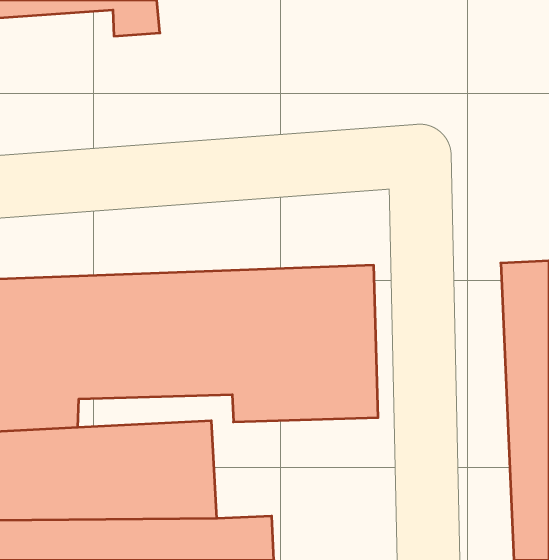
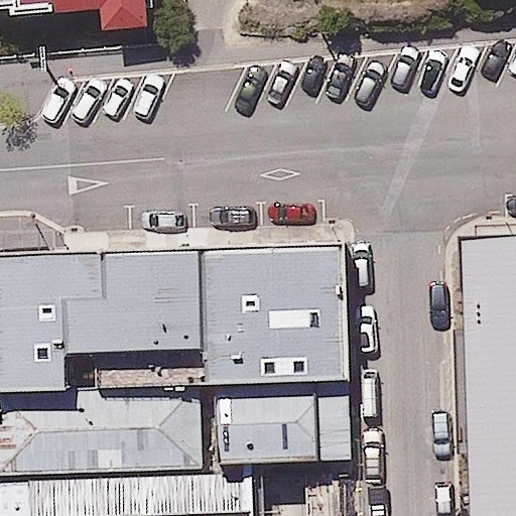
building: none -> [217,393,346,466]

